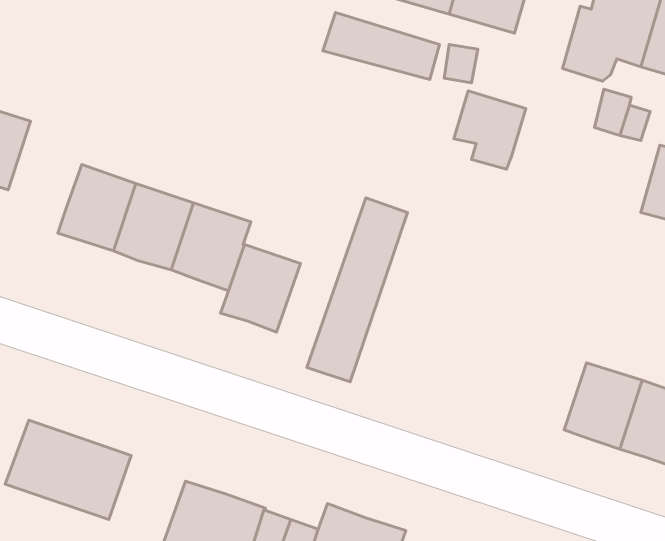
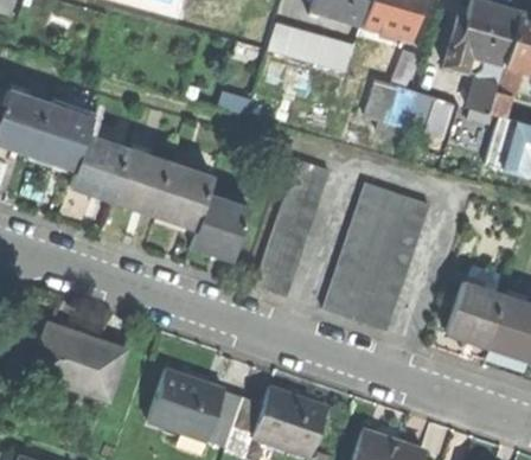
building: none -> [407,92,452,138]
building: none -> [33,102,92,167]
building: none -> [324,183,429,330]

